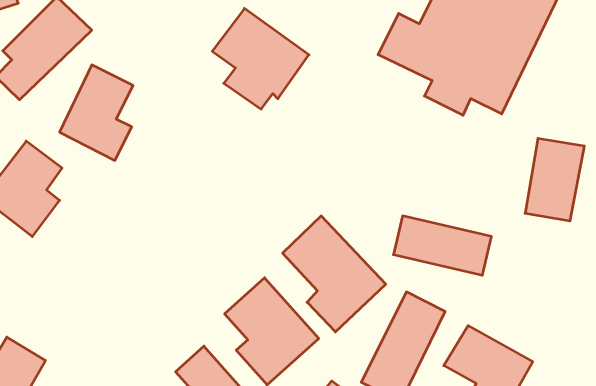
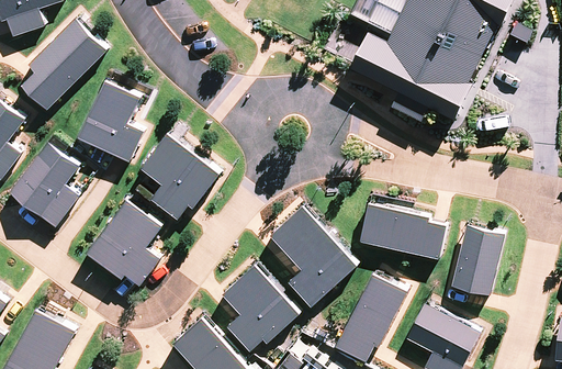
building: [212,8,309,109] -> [137,133,220,219]
building: [525,138,584,221] -> [452,224,503,294]
building: none -> [86,200,161,284]

